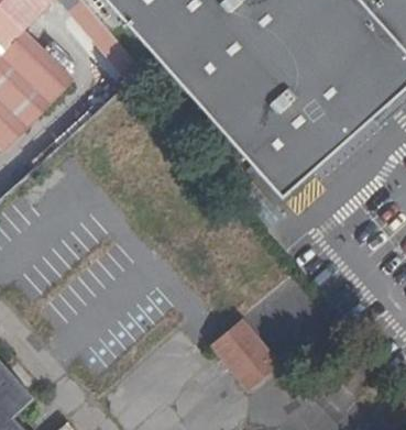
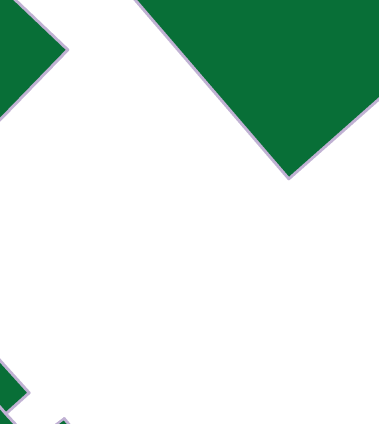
building: [211,318,278,383] -> none

